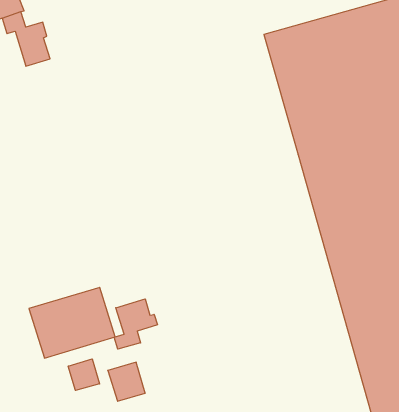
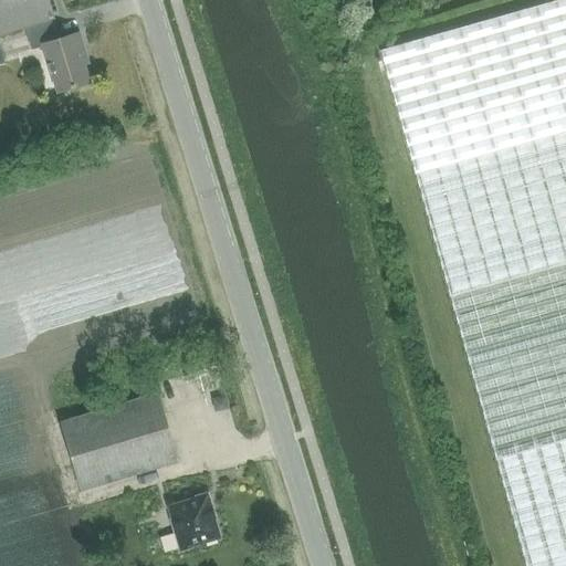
building: [114,299,158,349] -> none
building: [68,359,100,390] -> none

